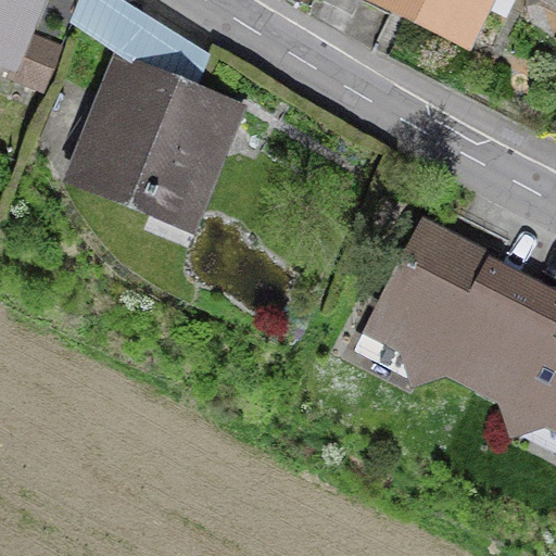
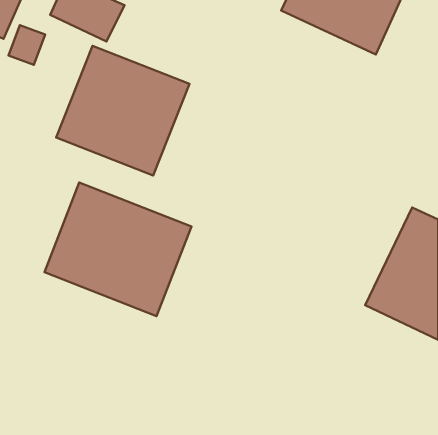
building: [364,215,517,383] -> none
building: none -> [44,183,191,316]

